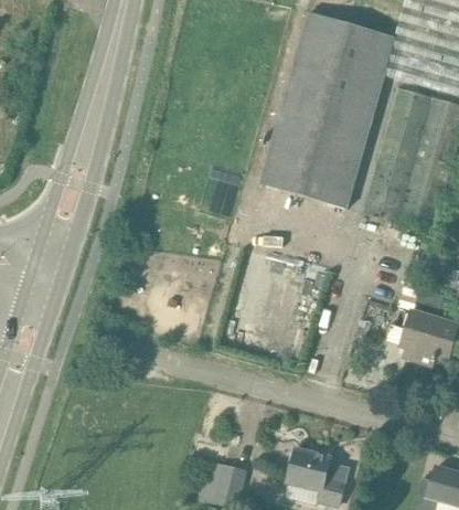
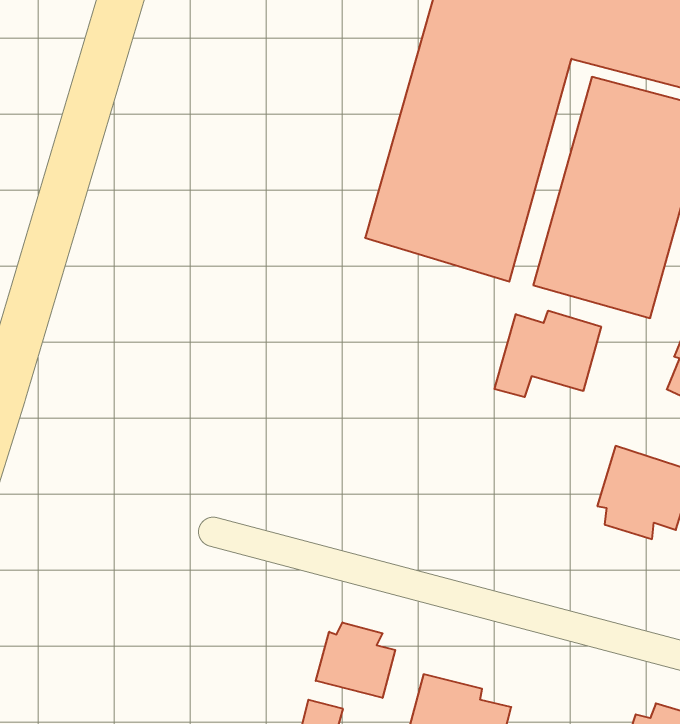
building: none -> [494,311,601,397]
building: none -> [316,622,395,698]

